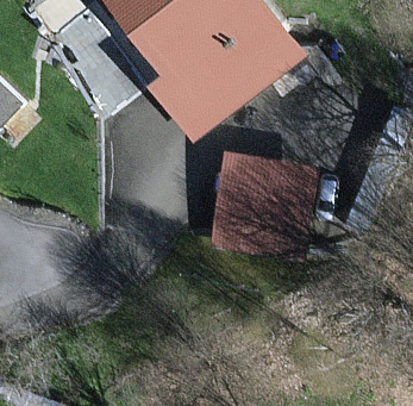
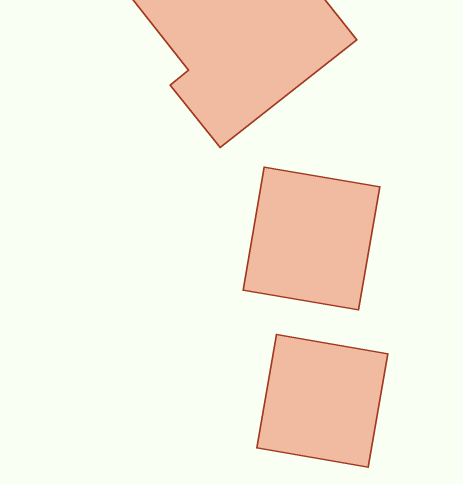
building: none -> [257,335,388,467]

